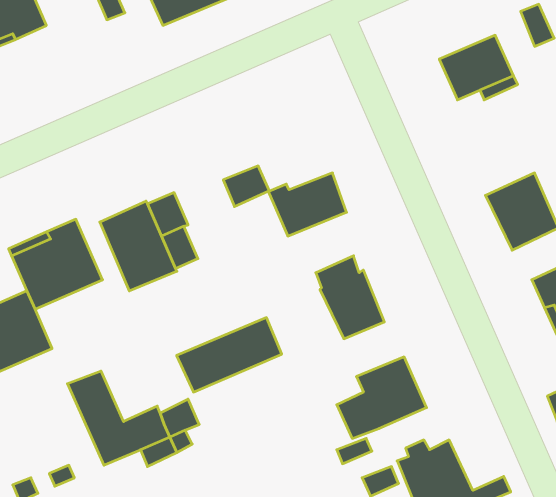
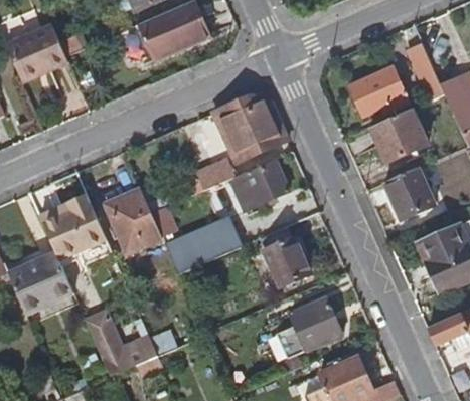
building: none -> [211,95,288,160]
building: none -> [371,109,426,163]
building: [177,318,282,392] -> [166,220,242,273]

